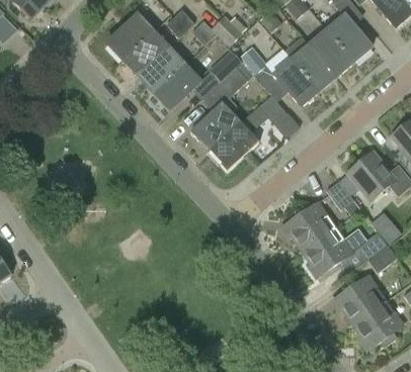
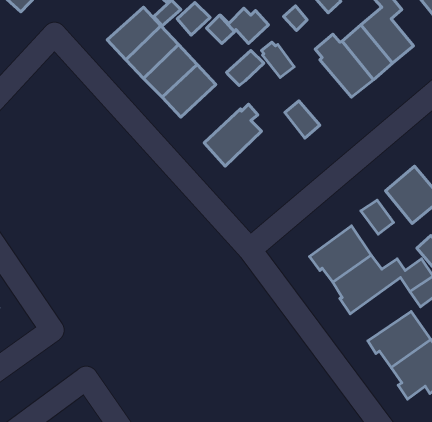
building: [272,59,317,106] -> none
building: [216,62,252,97] -> none
building: [208,120,257,170] -> none

